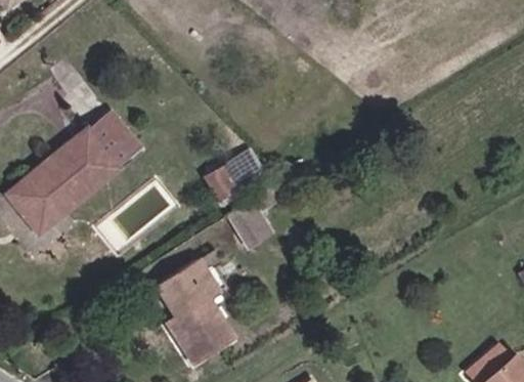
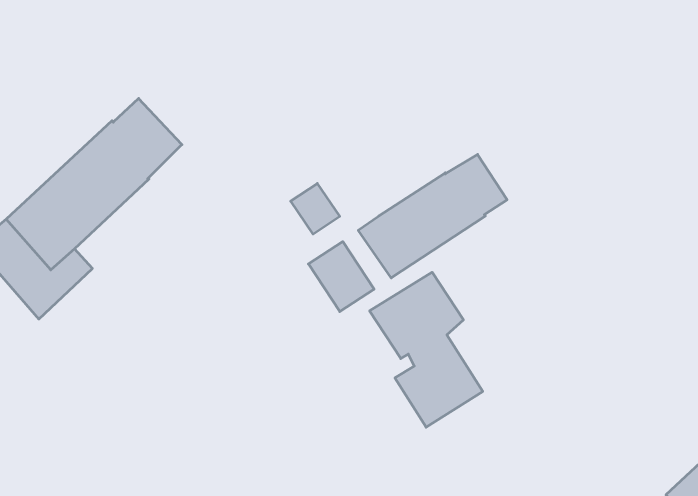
building: none -> [358,154,507,278]
building: [154,258,231,365] -> [370,272,483,427]

